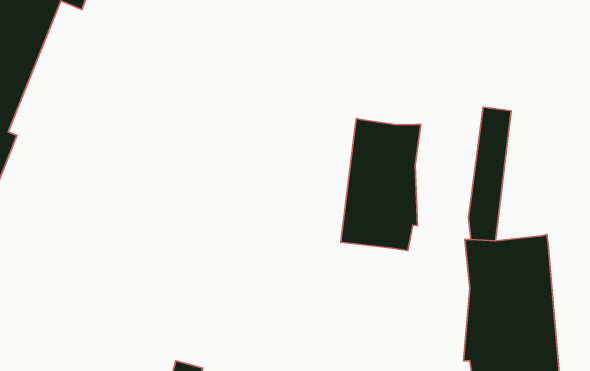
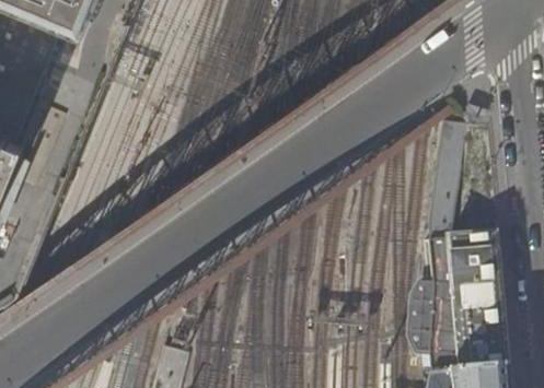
building: [341,118,421,251] -> none

